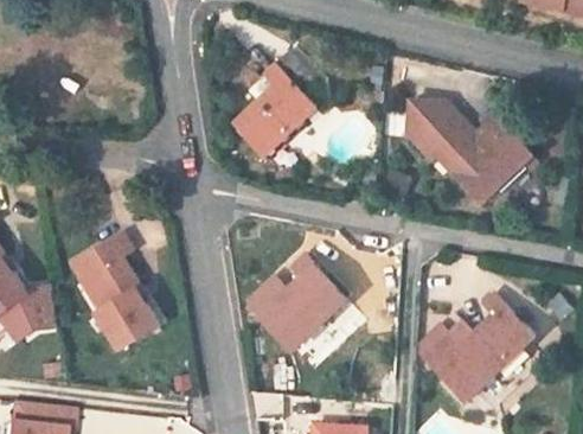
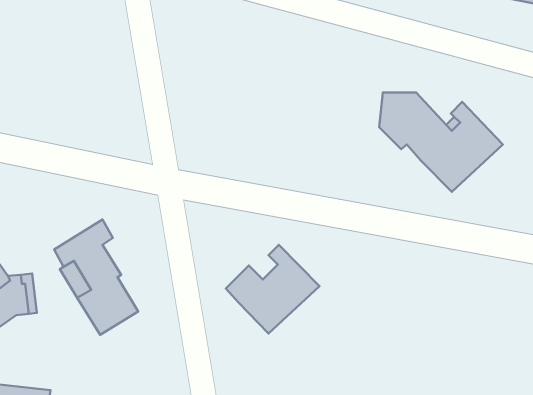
building: [233,50,316,157] -> none
building: [418,293,534,402] -> none

